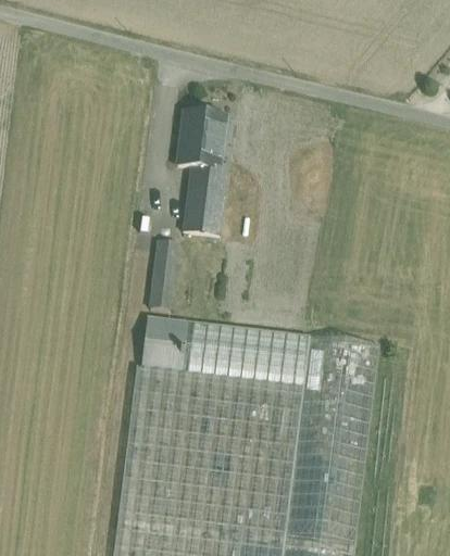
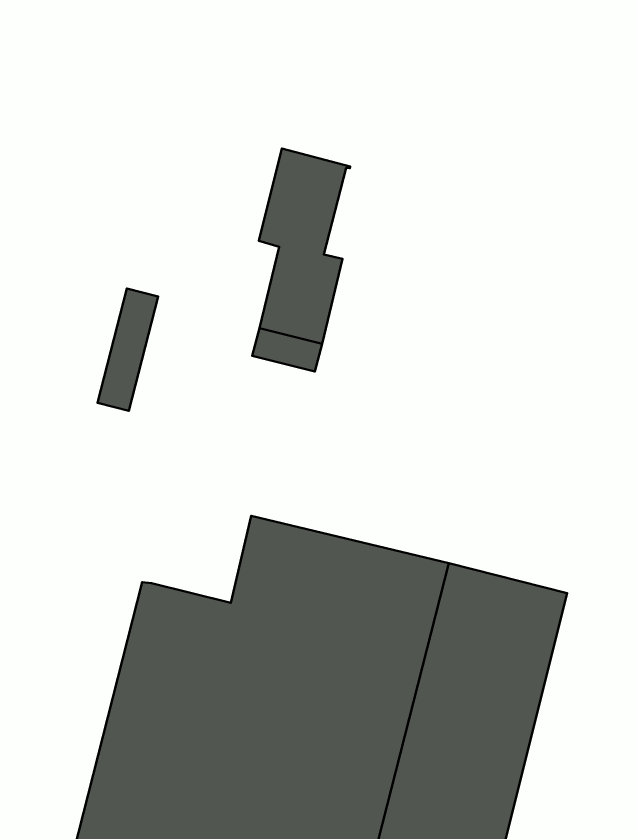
building: [150,242,177,312] -> [97,289,158,411]
building: [141,318,193,375] -> none

